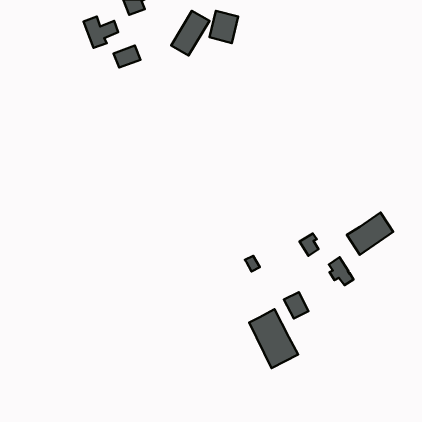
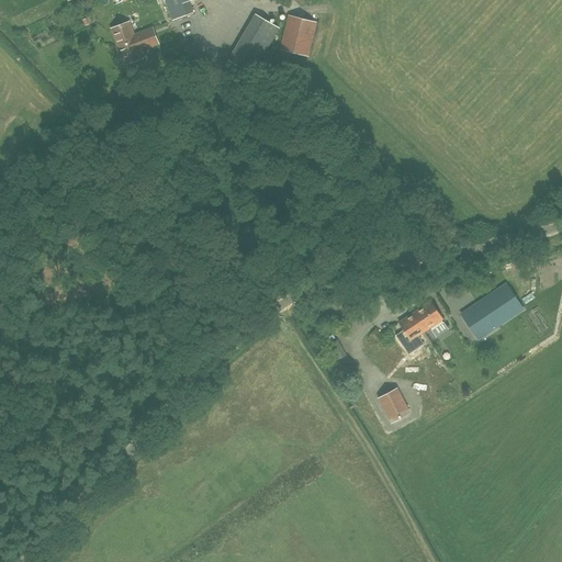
building: [114,45,141,68] -> none
building: [329,257,354,285] -> [415,300,448,337]
building: [249,309,298,368] -> none

